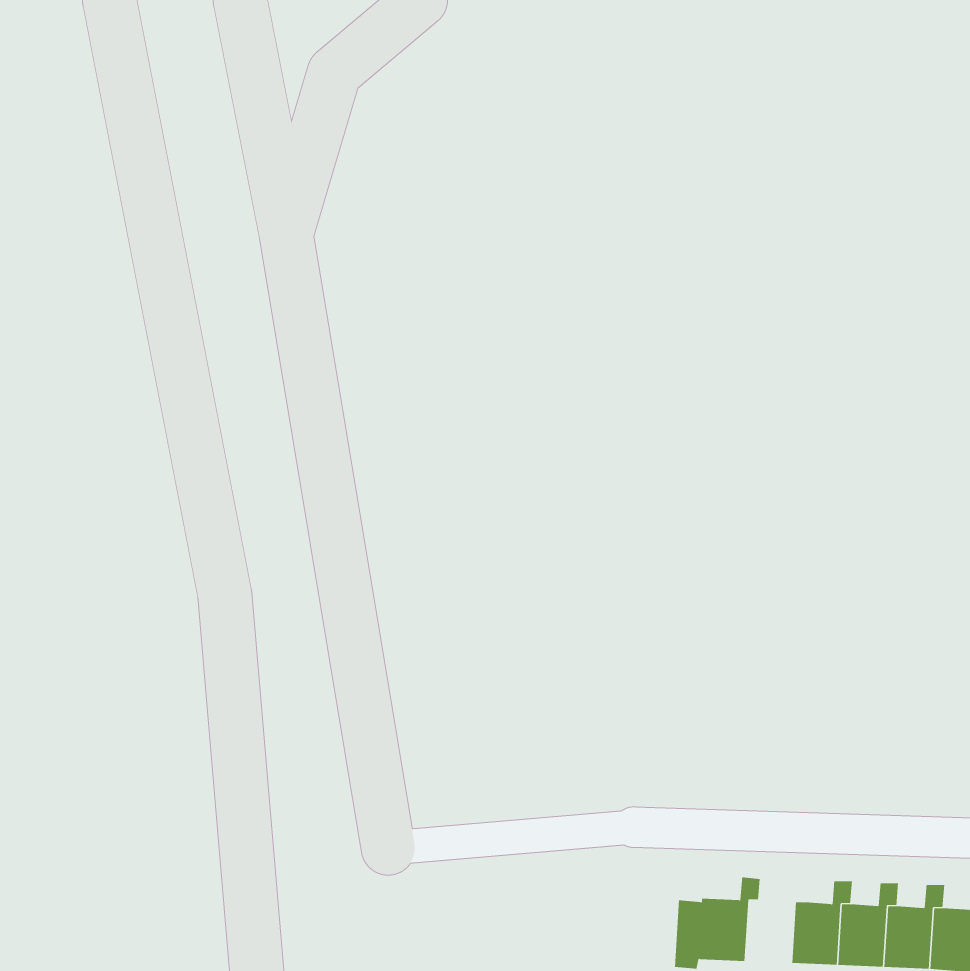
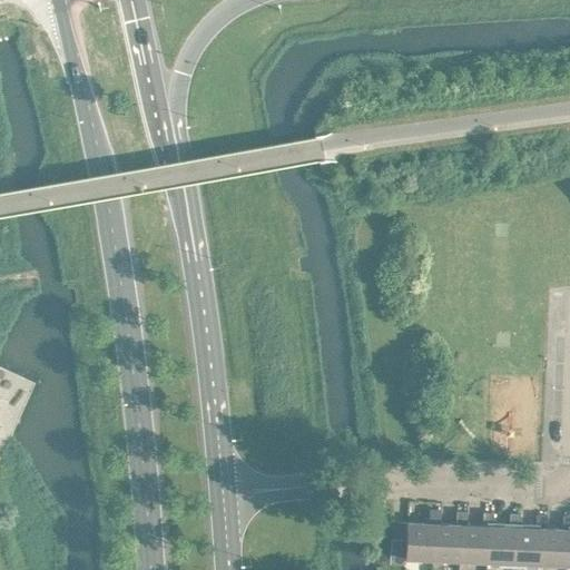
building: none -> [439,515,474,564]

